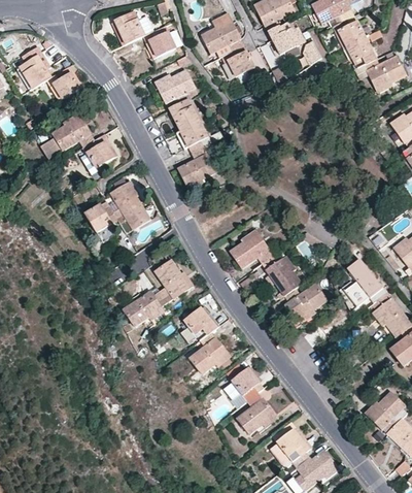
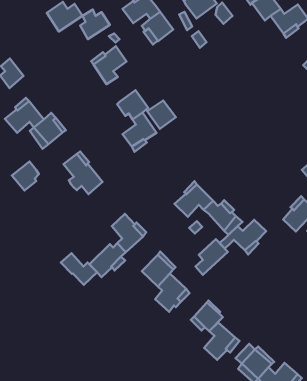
building: [171,102,202,133] -> [147,100,176,129]
building: [85,201,115,232] -> [12,162,39,190]
building: none -> [61,253,97,285]
building: none -> [195,239,228,275]

